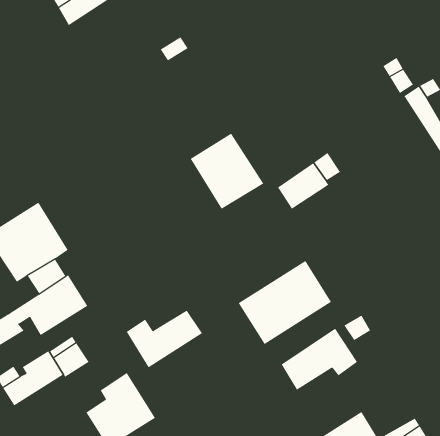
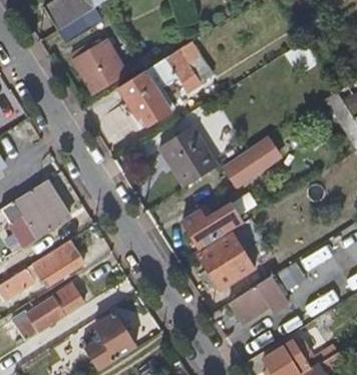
building: none -> [74,42,126,94]
building: none -> [120,52,216,129]
building: [126,310,203,368] -> [185,206,244,251]

